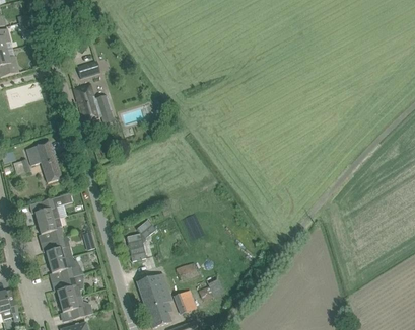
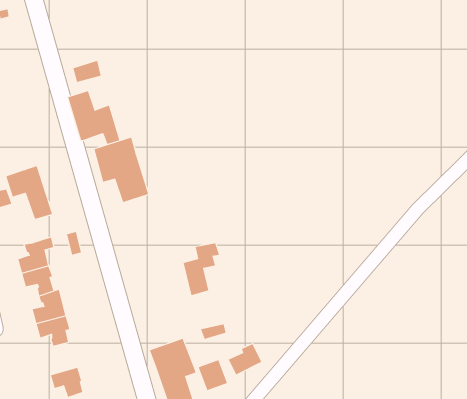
building: none -> [94,137,149,203]
building: [125,220,153,260] -> [183,243,220,296]
building: [57,275,81,301] -> none

